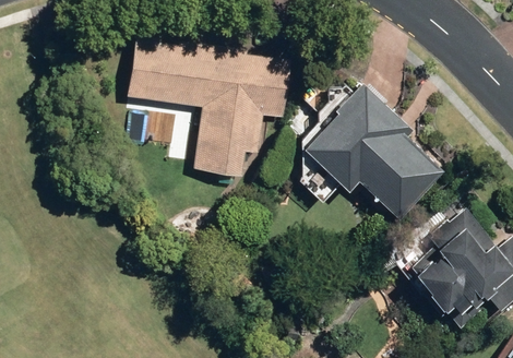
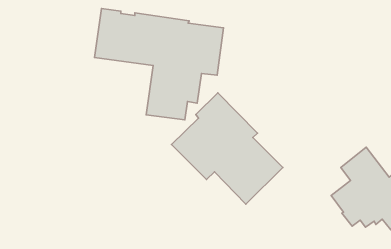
building: [307,82,445,220] -> [171,93,283,204]

